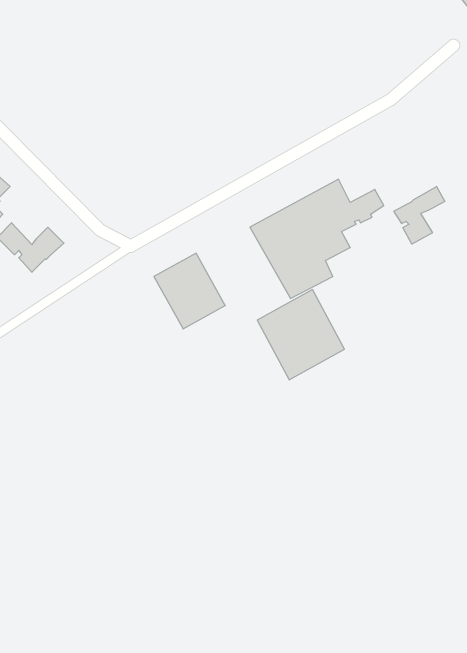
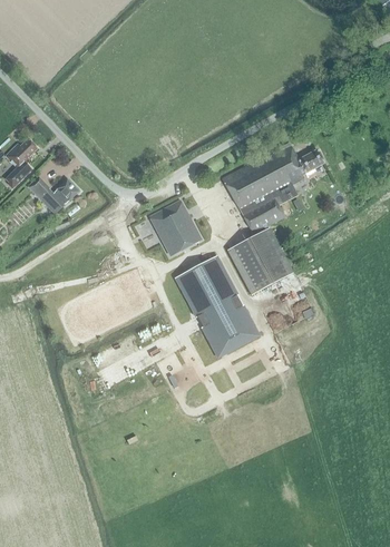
building: [394,186,445,244] -> none
building: none -> [176,256,257,356]

